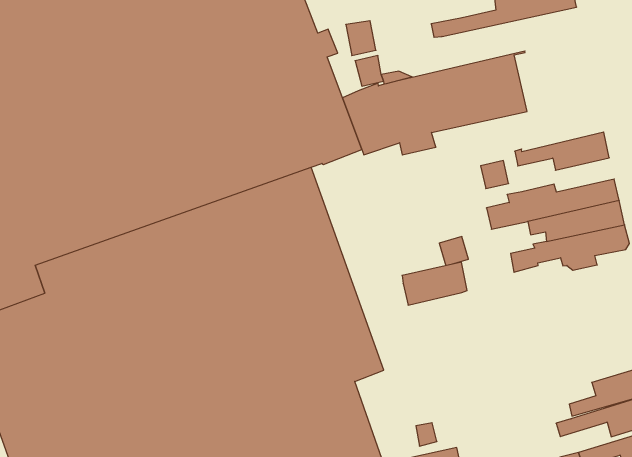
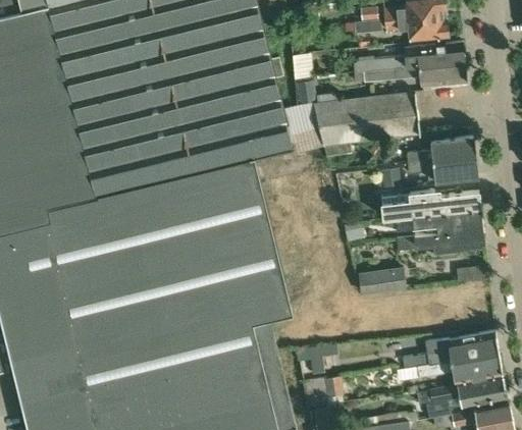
building: none -> [361,61,465,86]
building: none -> [404,137,473,164]
building: [402,262,467,305] -> [358,267,405,294]

